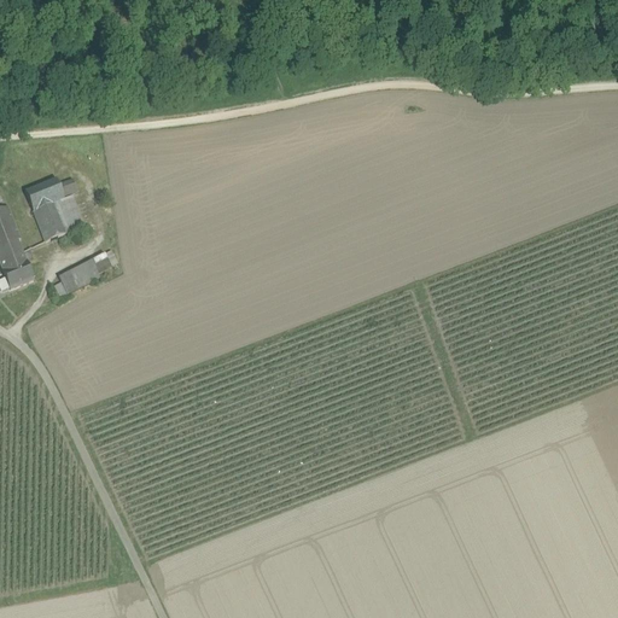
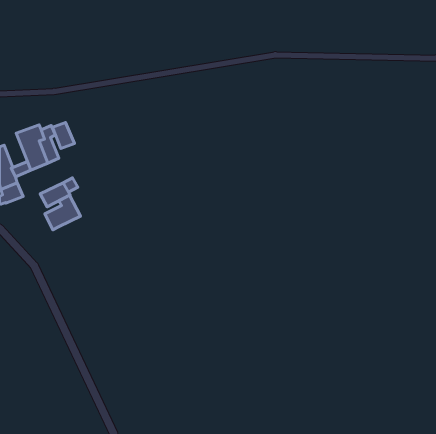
building: none -> [53,123,74,148]
building: none -> [45,195,81,230]

